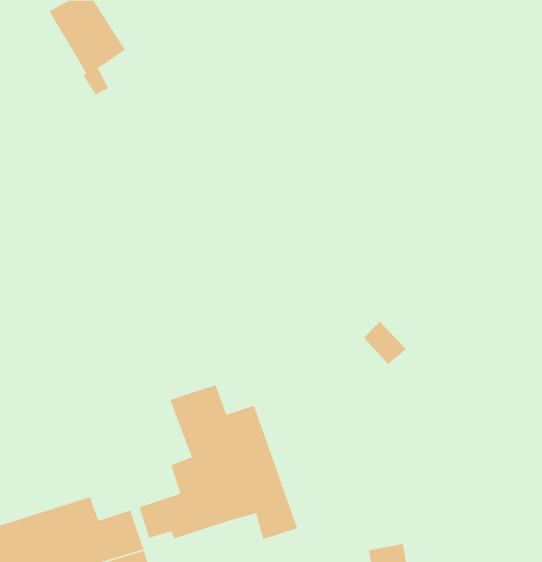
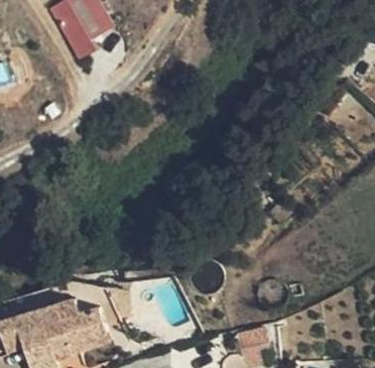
building: [139,384,298,540] -> none

